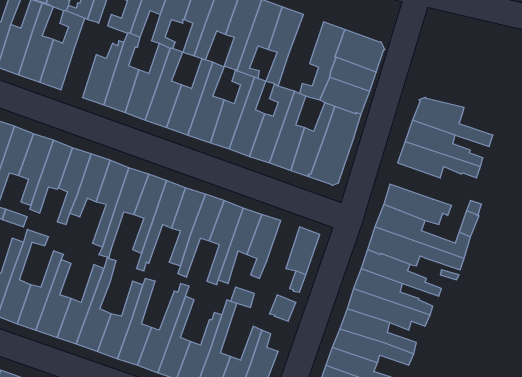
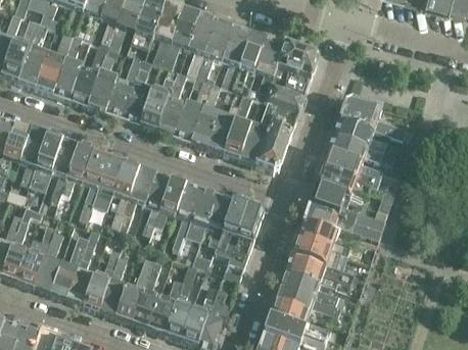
building: none -> [232,33,269,97]
building: none -> [55,36,84,100]
building: none -> [323,153,383,189]
building: none -> [216,200,249,258]

